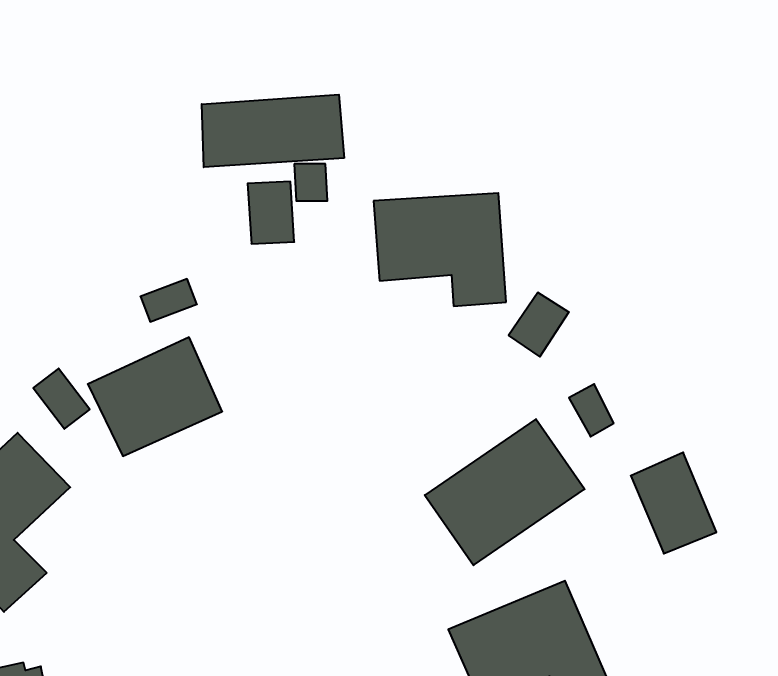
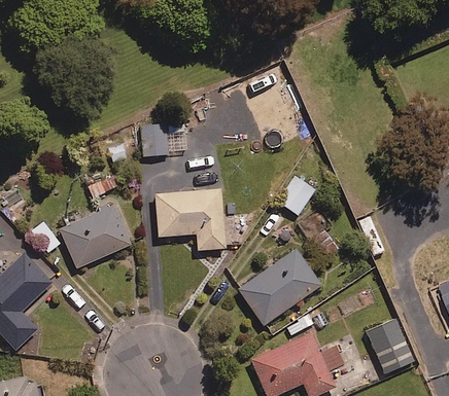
building: [202,95,344,167] -> none
building: [374,193,506,306] -> [154,190,224,250]
building: [631,452,716,554] -> [368,319,413,372]

